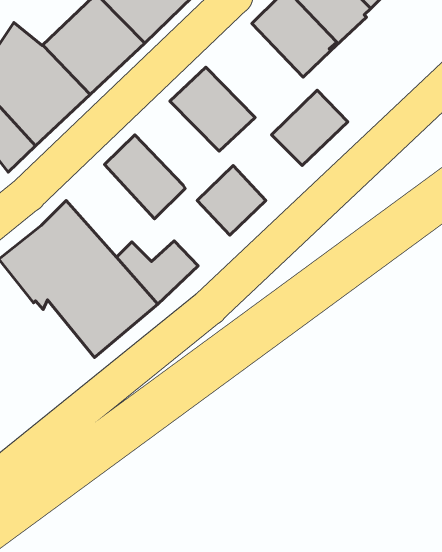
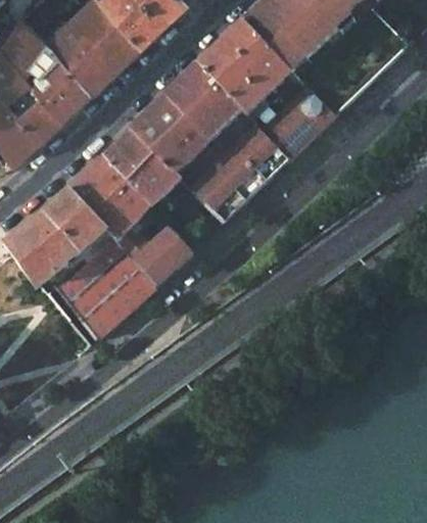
building: none -> [197,23,288,111]
building: none -> [131,96,209,175]
building: none -> [223,125,287,189]
building: none -> [66,155,149,242]

